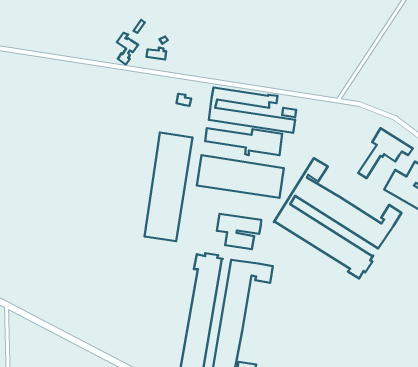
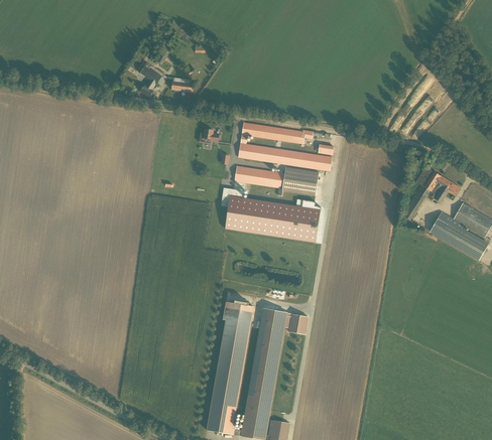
building: [144,132,192,241] -> none
building: [274,158,401,278] -> none
building: [217,214,261,249] -> none

